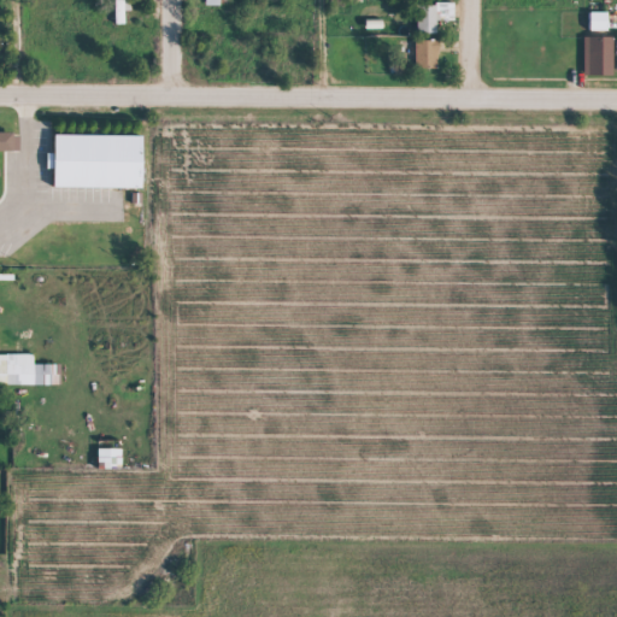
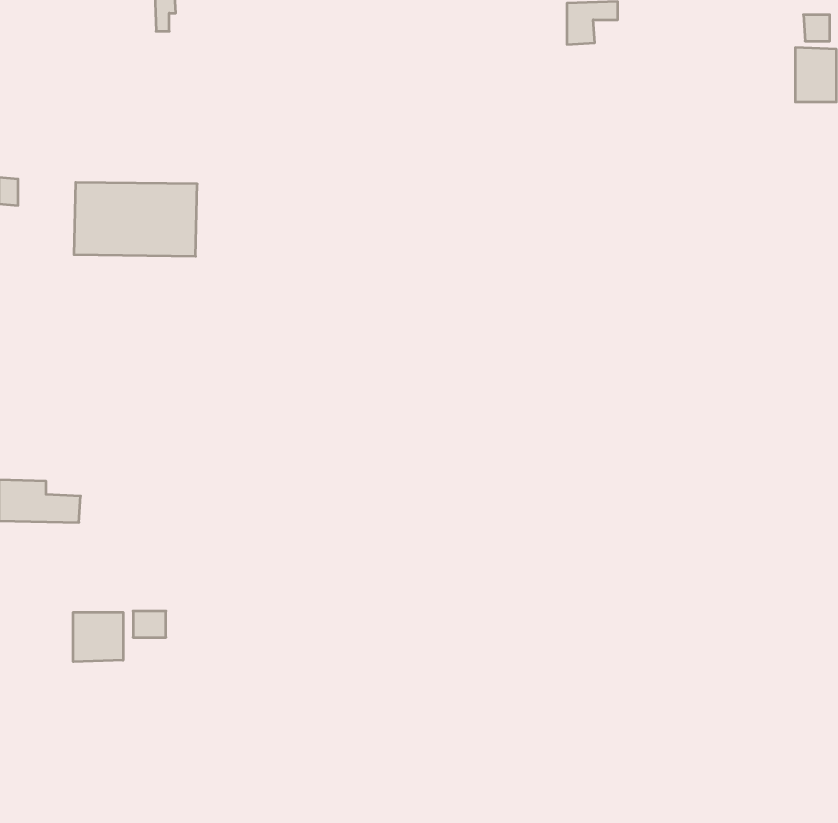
building: [413,40,437,66] -> none
building: none -> [73,612,123,662]

